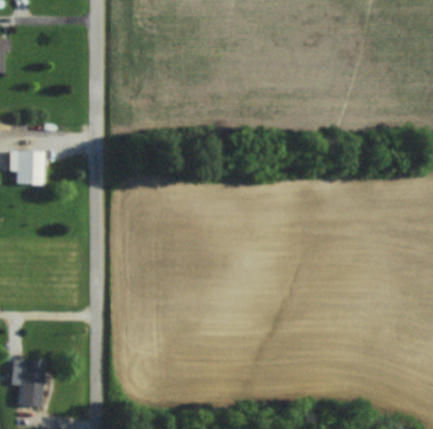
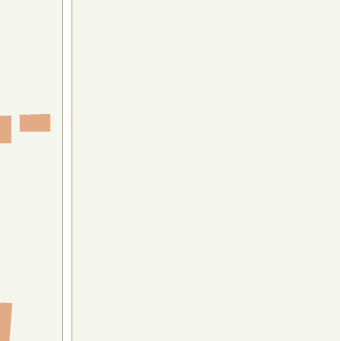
building: none -> [19,113,51,132]

